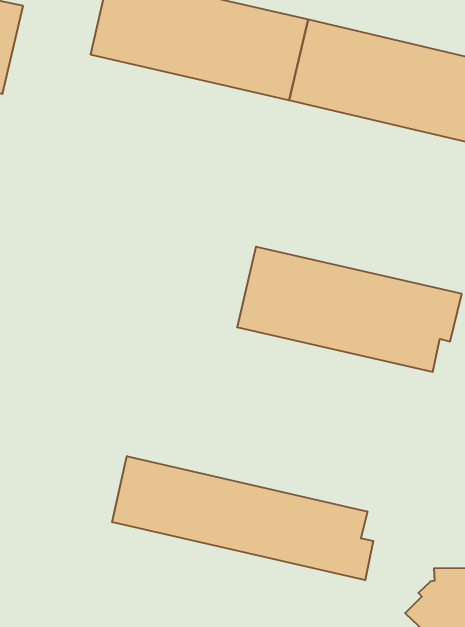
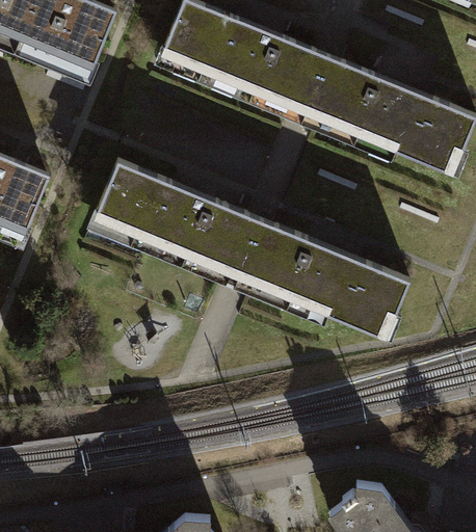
building: none -> [92,161,261,278]
building: [112,456,373,580] -> none

